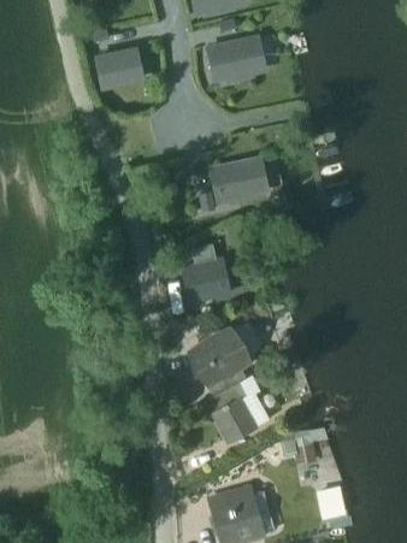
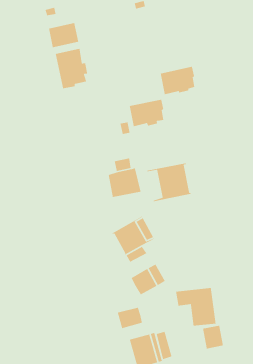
building: [210,39,260,81] -> [160,66,195,95]
building: none -> [55,48,88,89]
building: none -> [146,162,192,202]
building: none -> [117,307,143,329]

